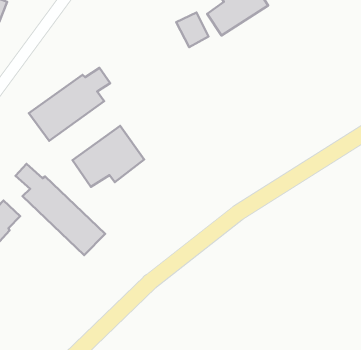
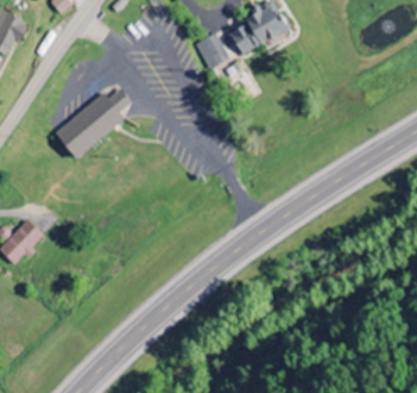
building: [72,126,144,187] -> none
building: [15,164,105,255] -> none

